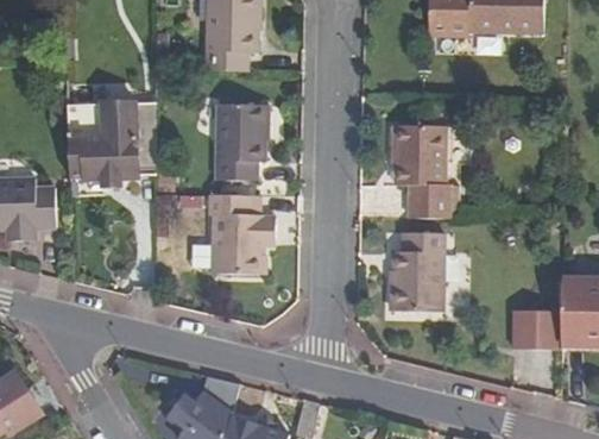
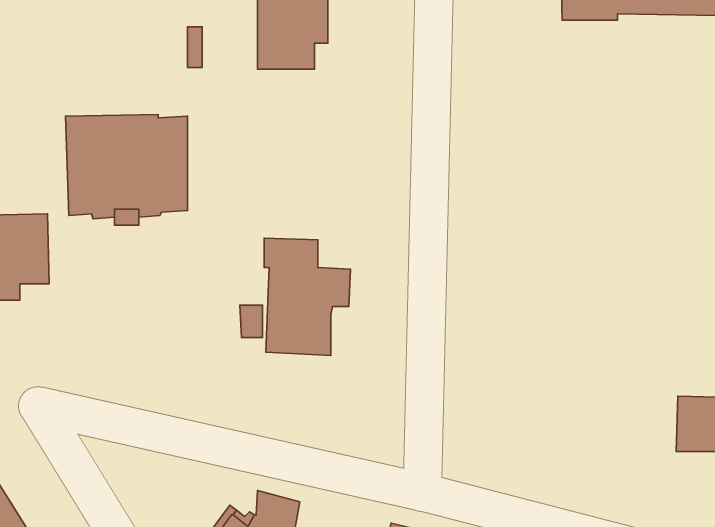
building: [217,105,267,180] -> none
building: [395,125,459,218] -> none
building: [391,231,443,311] -> none

